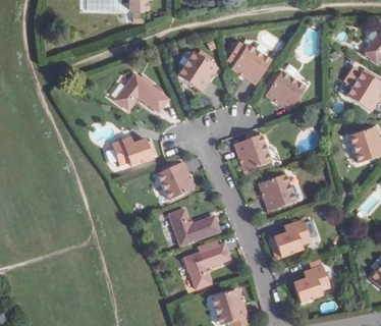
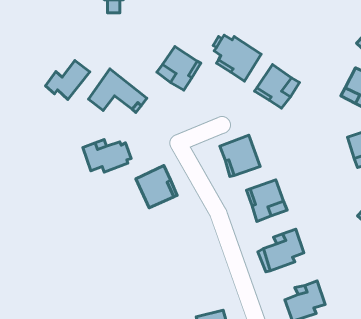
building: none -> [46,60,90,99]
building: [169,207,220,245] -> none
building: [184,238,227,288] -> none

